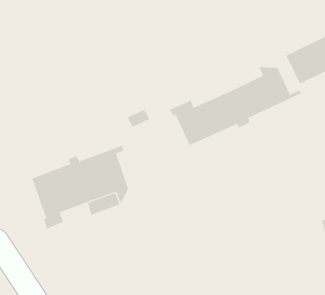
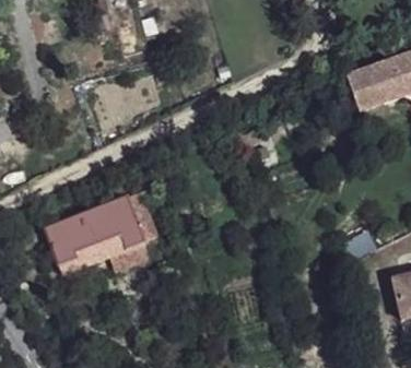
building: [169,66,301,146] -> none

